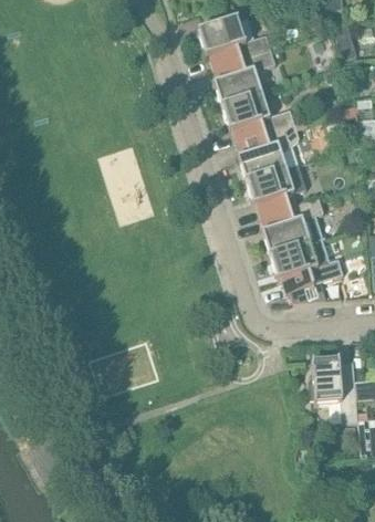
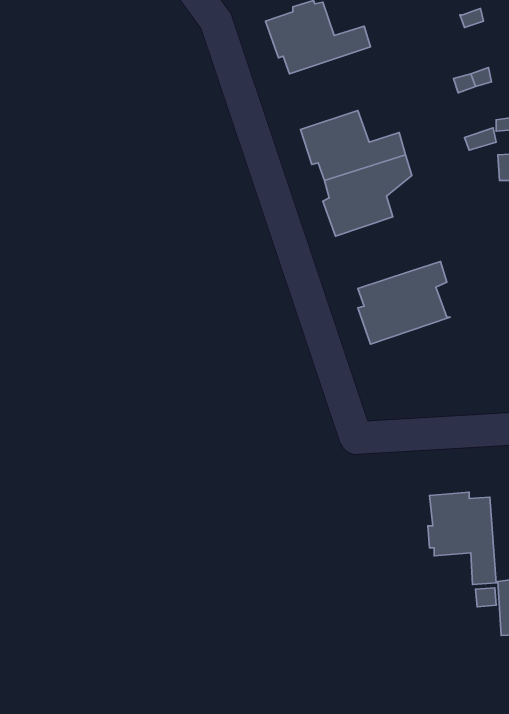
building: [215,50,277,107] -> none
building: [247,165,308,218] -> none
building: [271,238,344,303] -> none

